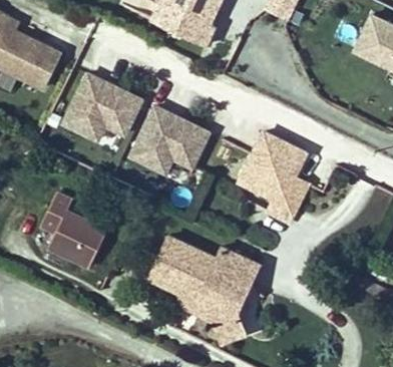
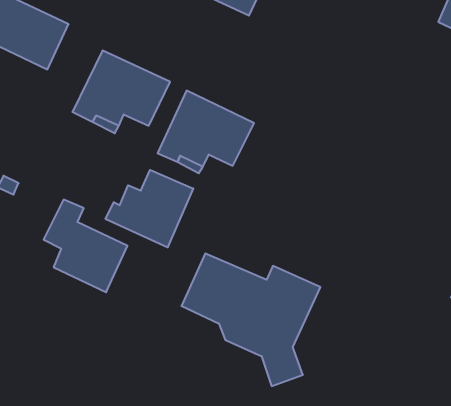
building: [240,132,309,222] -> none
building: none -> [106,170,193,247]

